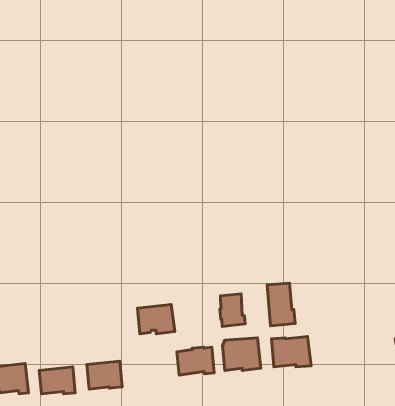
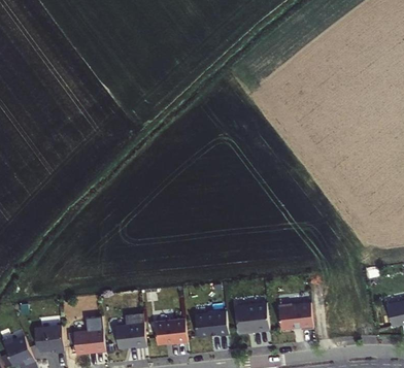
building: [267,283,295,326] -> none
building: [220,294,245,326] -> none
building: [137,305,175,334] -> [154,317,187,343]

